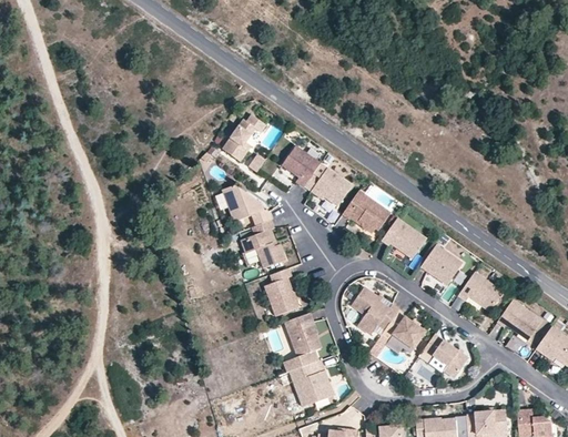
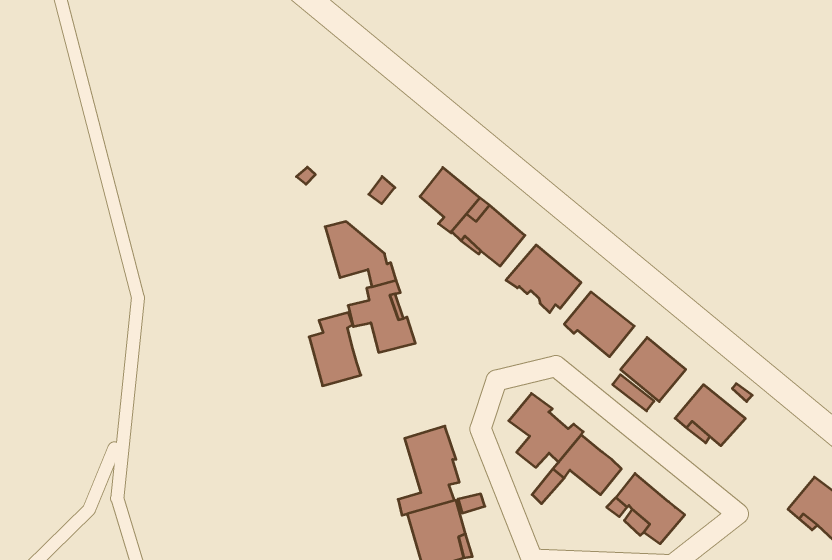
building: [222,113,265,161] -> none
building: [264,267,300,316] -> [309,313,361,386]
building: [497,298,542,339] -> none

